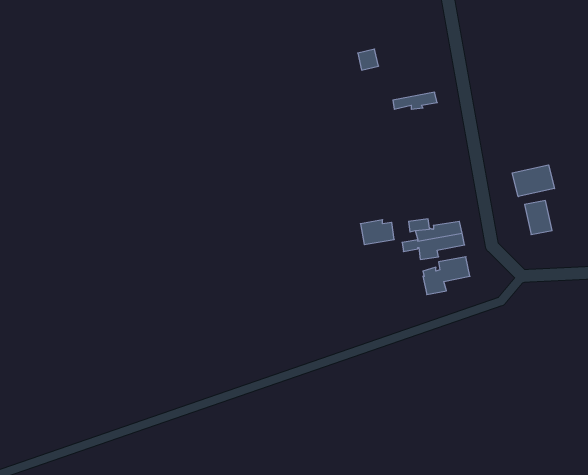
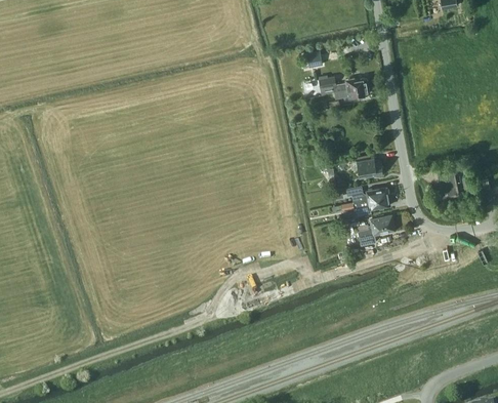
building: none -> [319,76,367,94]
building: [512,165,554,197] -> none
building: [360,220,394,245] -> [357,158,383,177]

